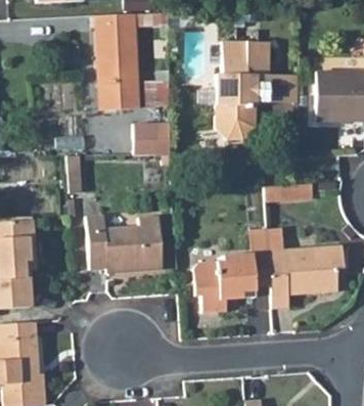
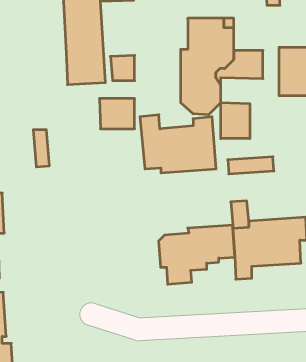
building: none -> [221,103,250,139]
building: [85,214,163,273] -> [140,115,216,173]

